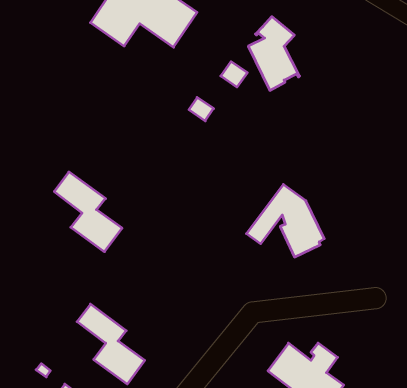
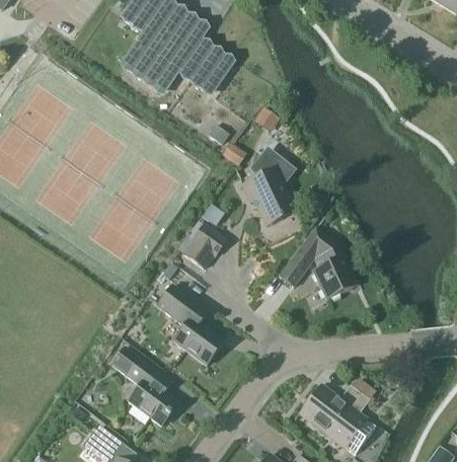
building: [248,17,300,90] -> [246,153,297,226]
building: [54,172,122,252] -> [158,286,225,365]
building: none -> [183,224,228,268]

